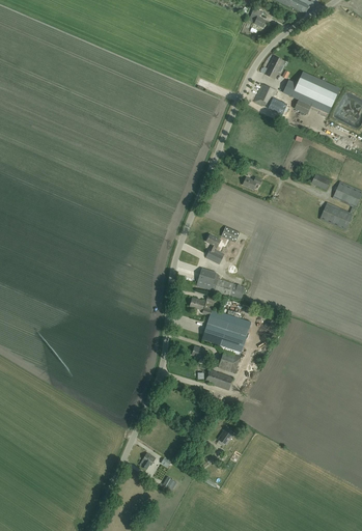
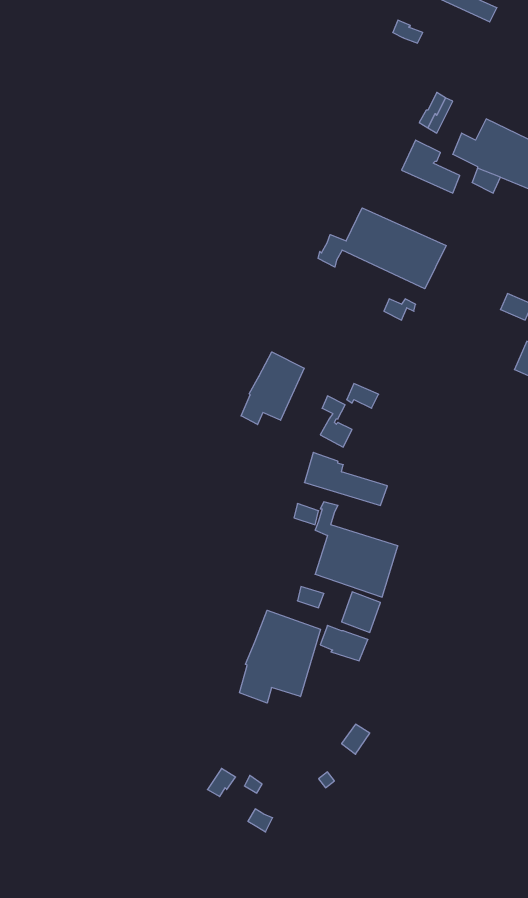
building: none -> [318,208,446,289]
building: none -> [241,352,304,425]
building: none -> [239,610,321,703]

